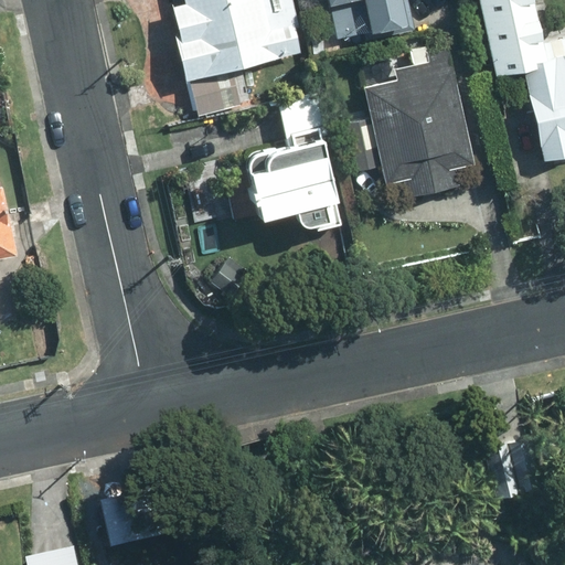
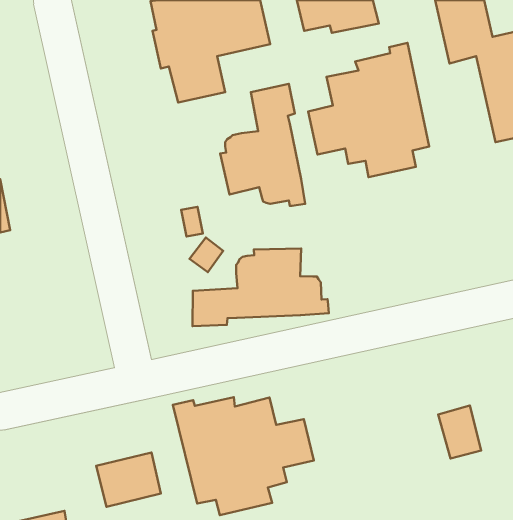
building: none -> [193,248,329,326]
building: none -> [173,397,314,515]

